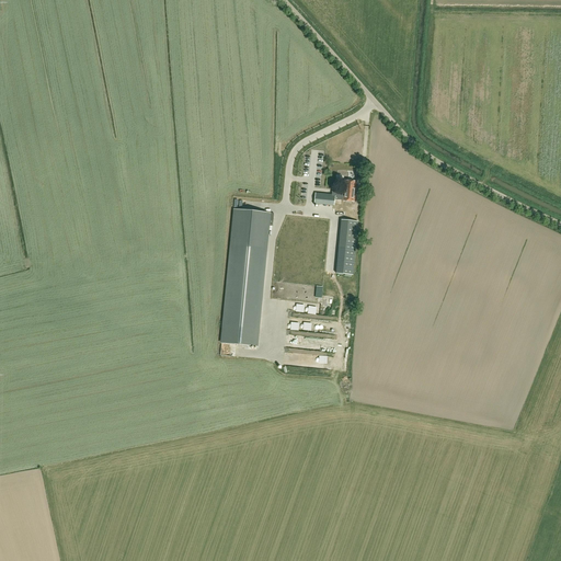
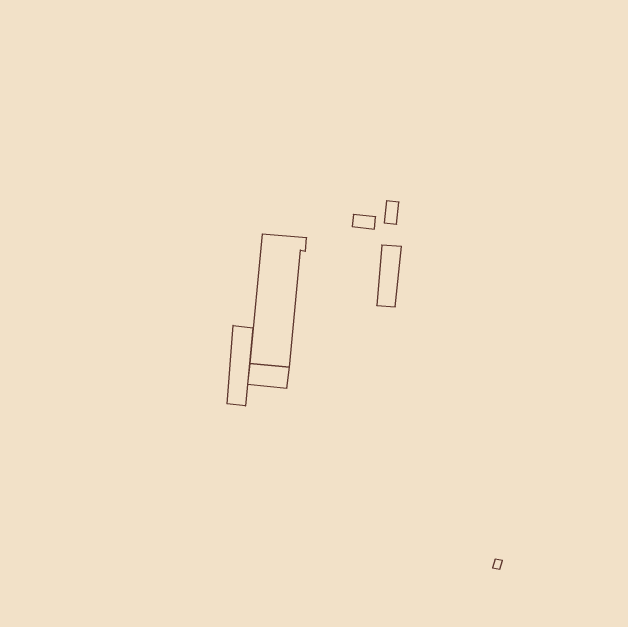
building: none -> [227,325,253,406]

